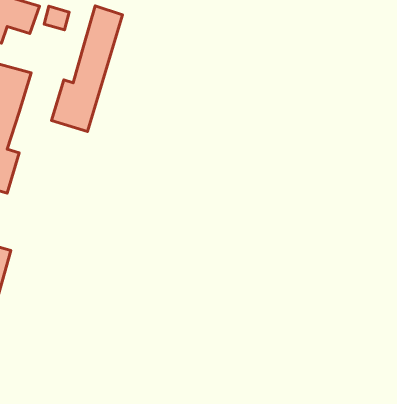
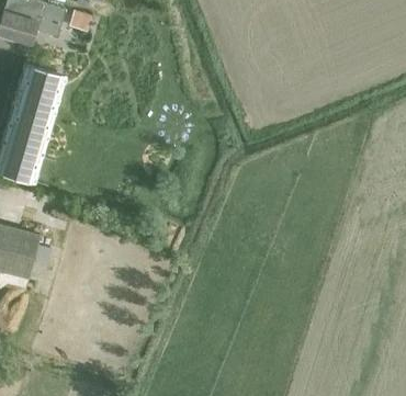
building: [52,6,122,131] -> none

